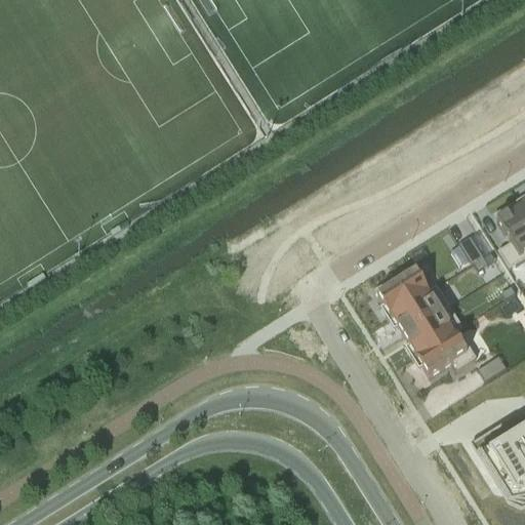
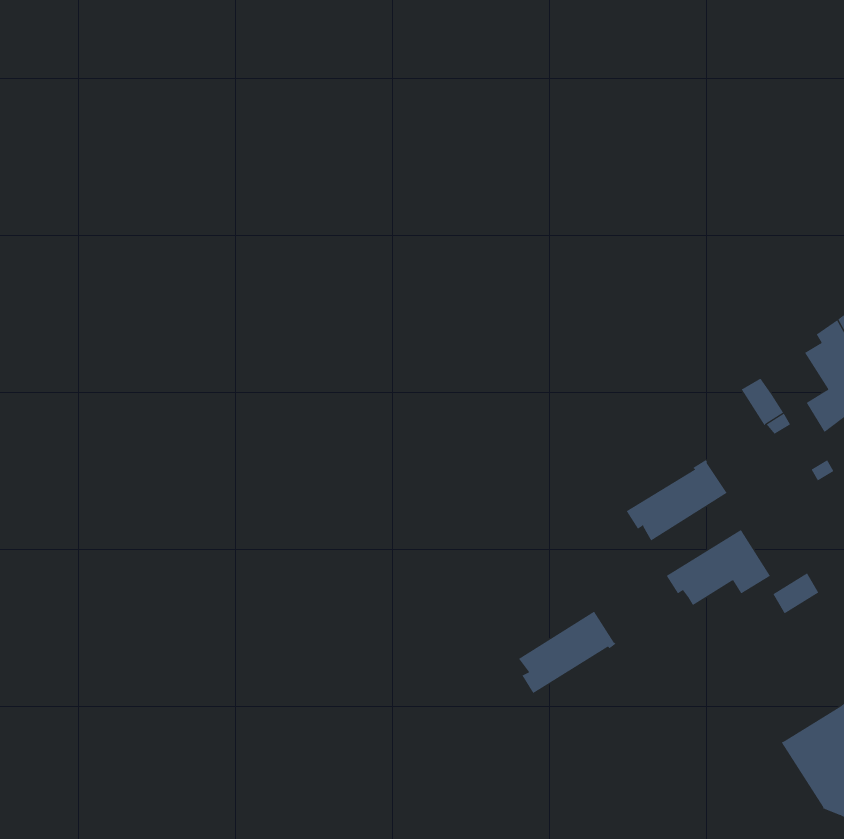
building: [376,269,432,315] -> none
building: [405,304,466,355] -> [518,611,616,694]

